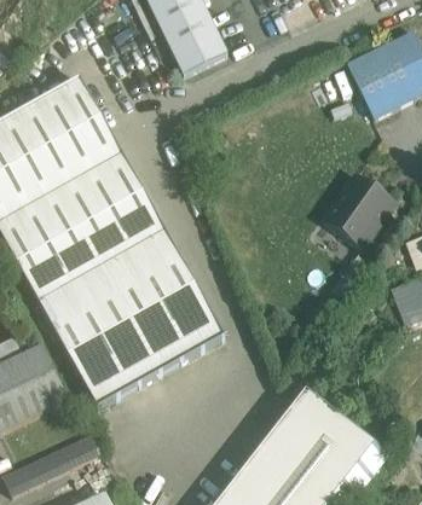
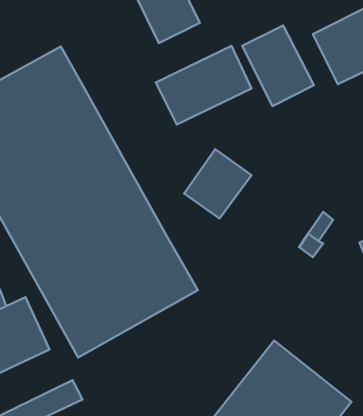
building: none -> [242,26,314,106]
building: none -> [156,46,252,124]
building: [323,174,394,248] -> [184,149,251,219]

